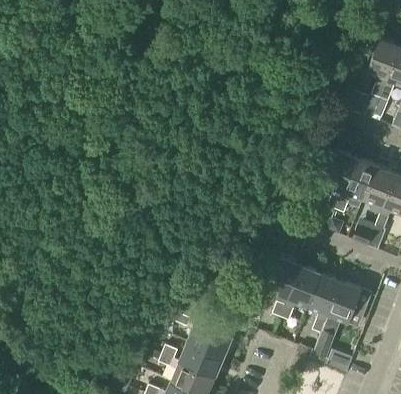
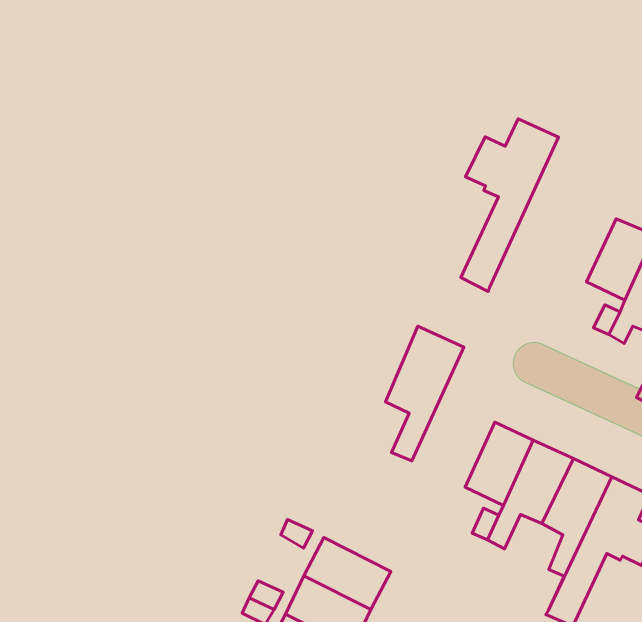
building: none -> [461,119,558,292]
building: none -> [385,326,464,461]

